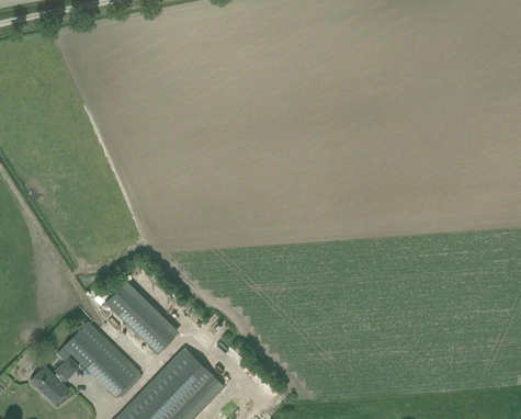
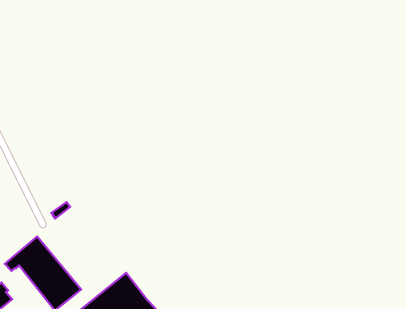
building: [105,284,174,354] -> none

